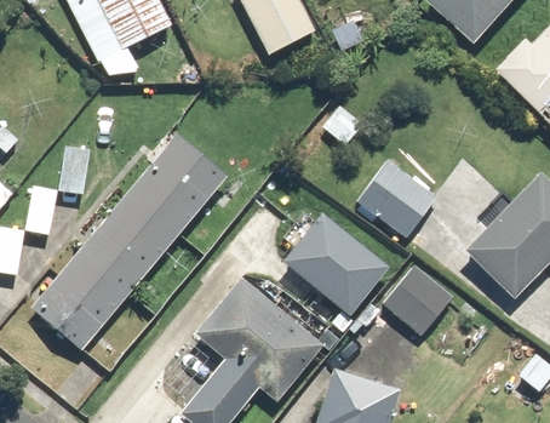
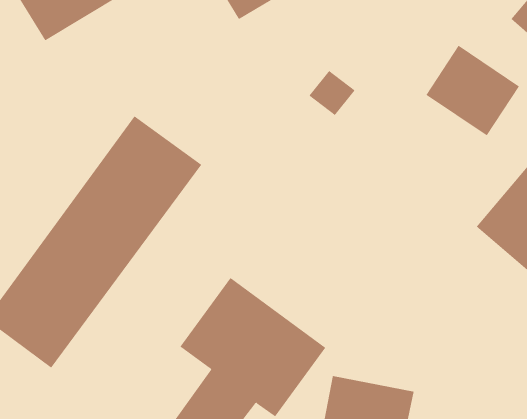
building: [356,156,439,238] -> [426,45,520,136]
building: [282,211,390,315] -> none
building: [382,263,457,338] -> none

